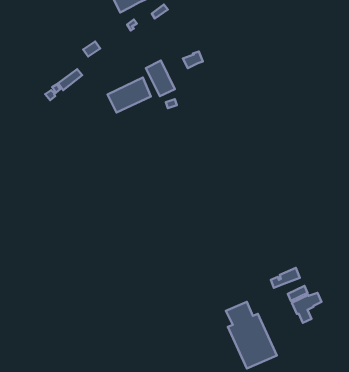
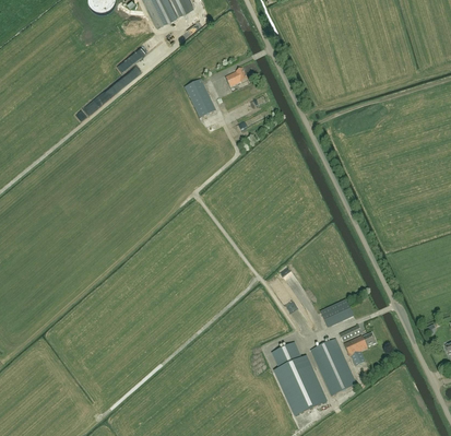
building: [107,77,151,113] -> none
building: none -> [311,339,357,397]

